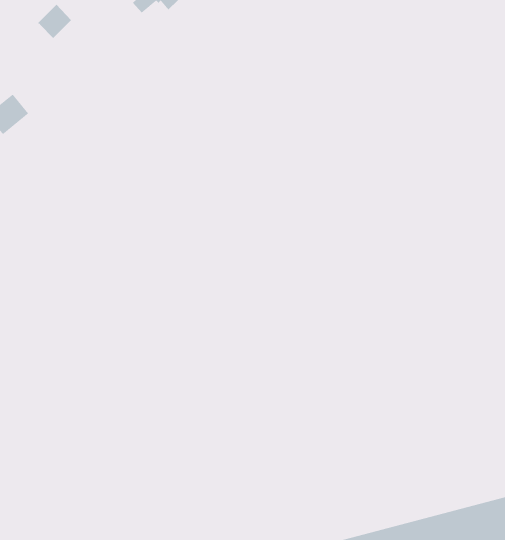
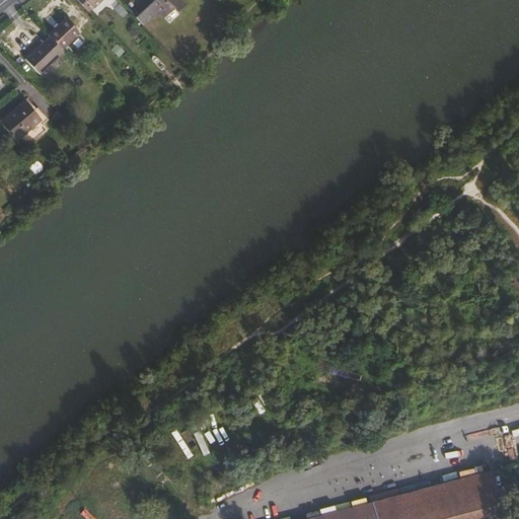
building: none -> [25,36,63,74]

